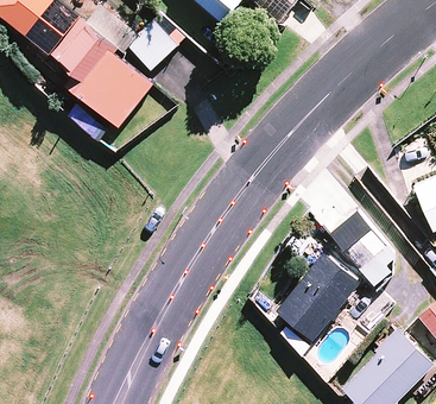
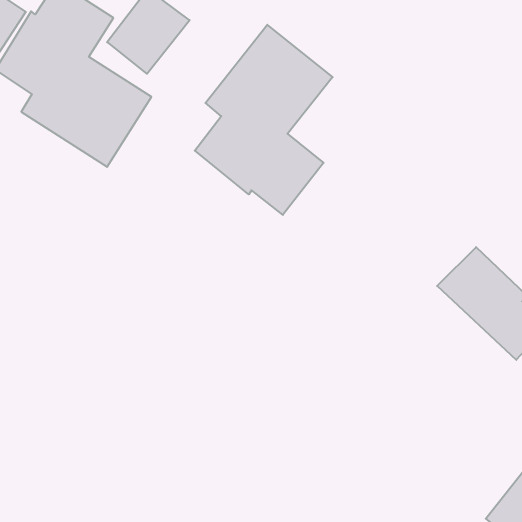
building: none -> [195,25,333,215]
building: [274,251,360,340] -> none

